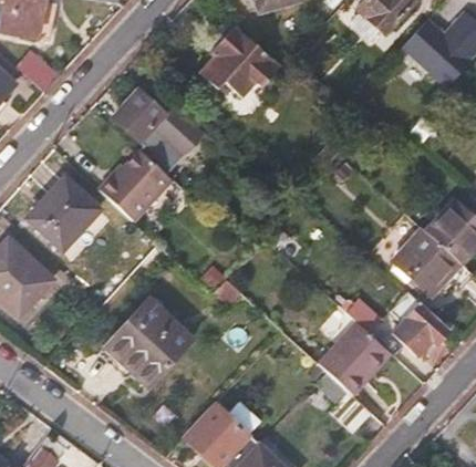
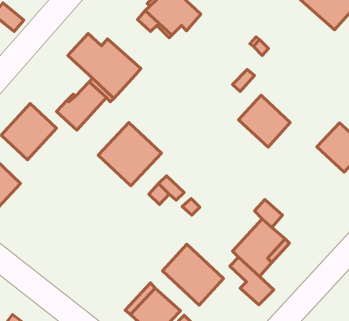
building: [394,230,459,295] -> [238,95,290,147]
building: [107,303,187,383] -> [98,123,161,186]
building: [394,304,447,354] -> none
building: none -> [163,244,224,305]

